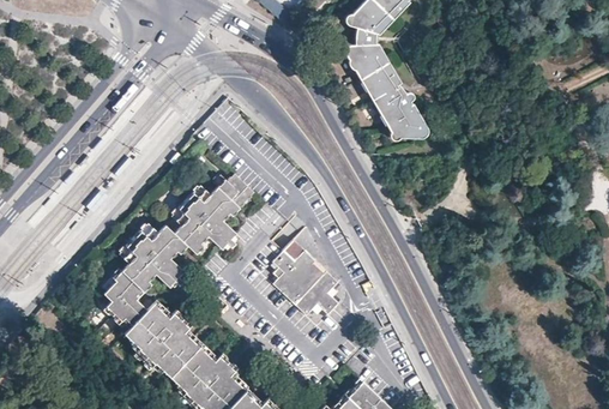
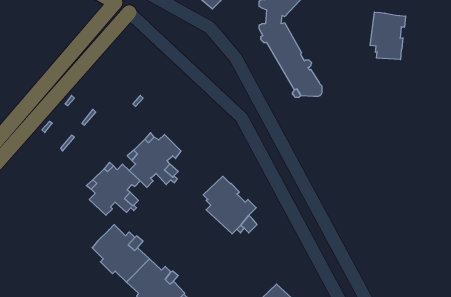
building: none -> [370,12,406,60]
building: [217,176,258,210] -> none
building: [107,272,150,326] -> none

